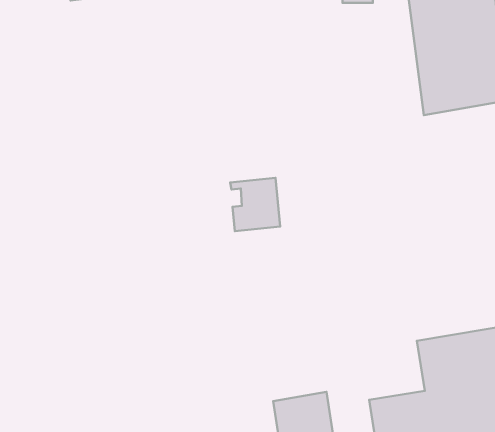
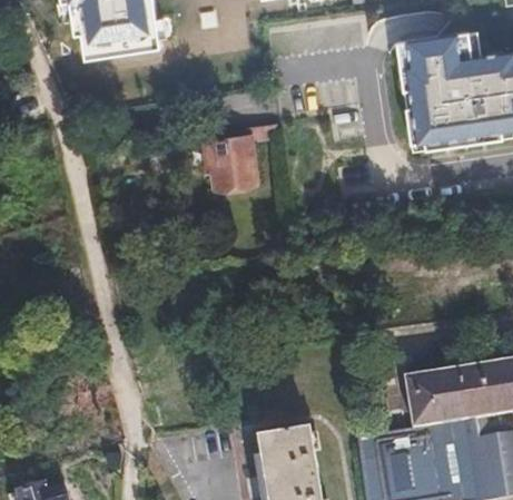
building: [230,178,280,231] -> [213,136,260,187]

